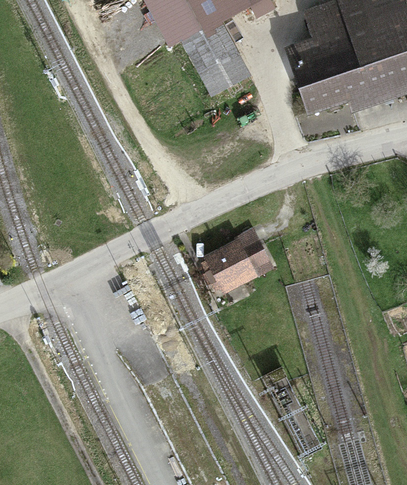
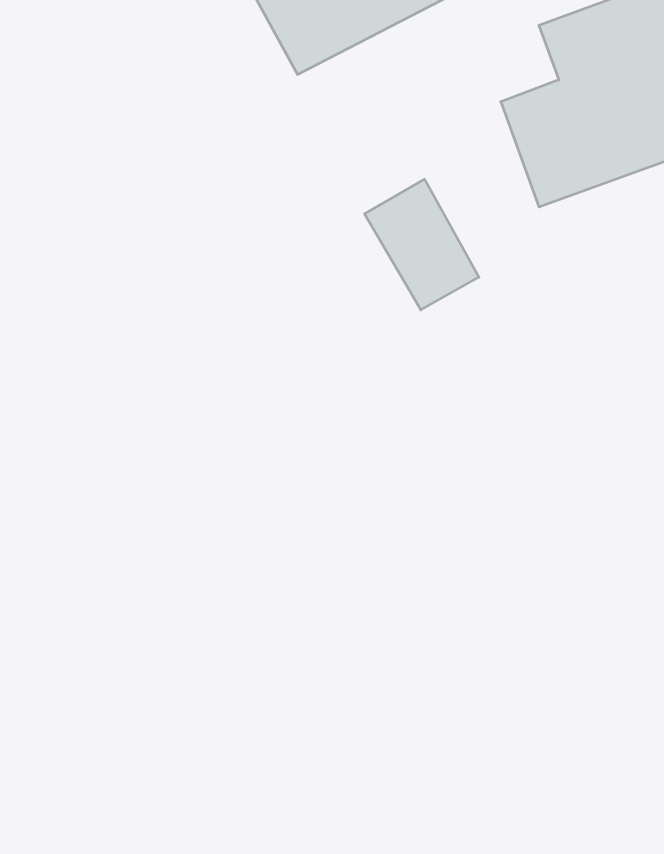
building: [188,21,251,93] -> [365,179,479,310]
building: [207,241,270,298] -> none

